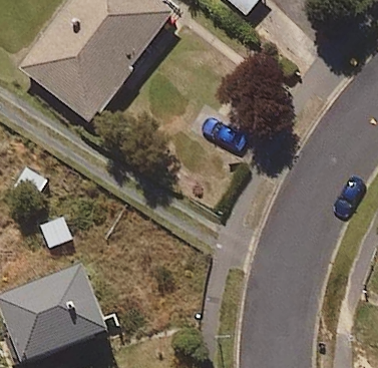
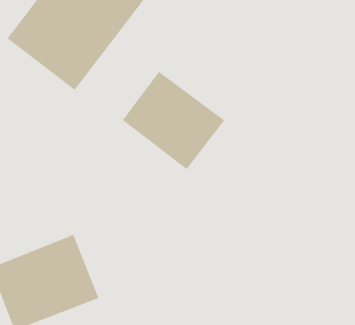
building: none -> [122,71,225,170]

